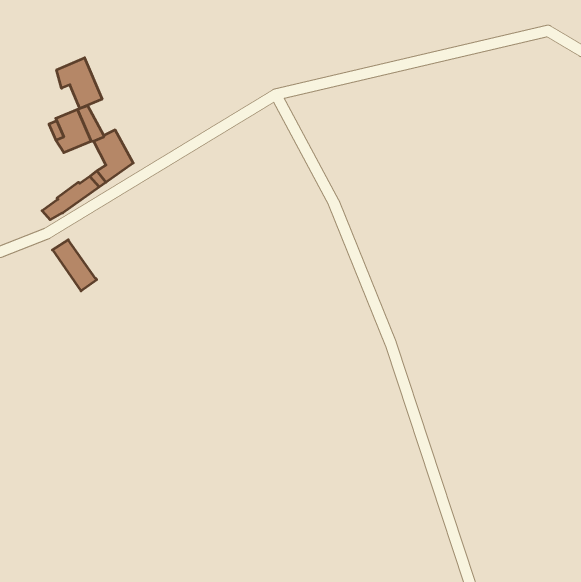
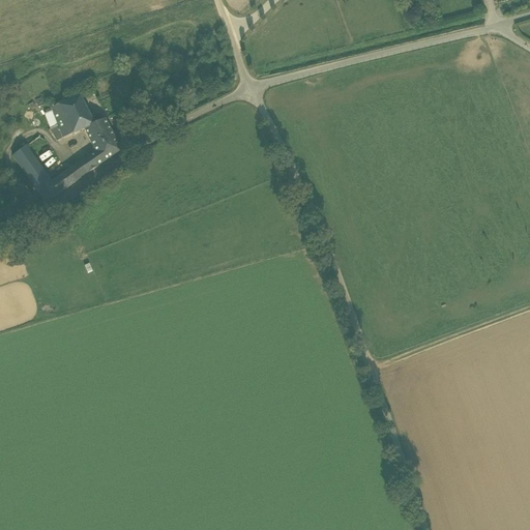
building: [57,58,102,109] -> none
building: [52,240,97,291] -> [13,145,54,192]

